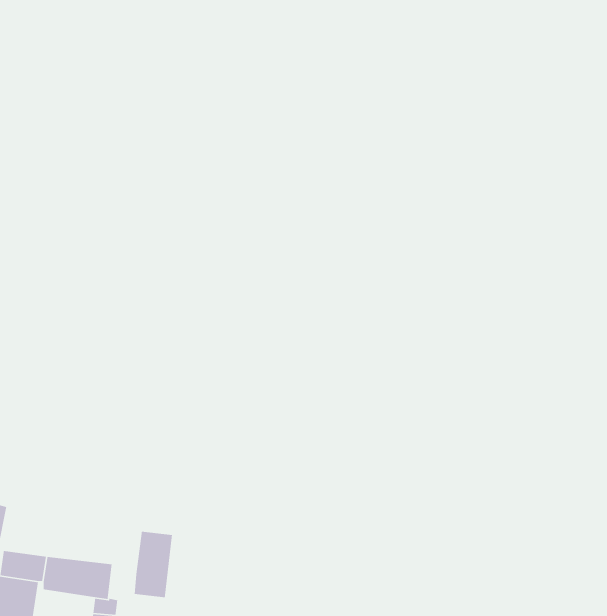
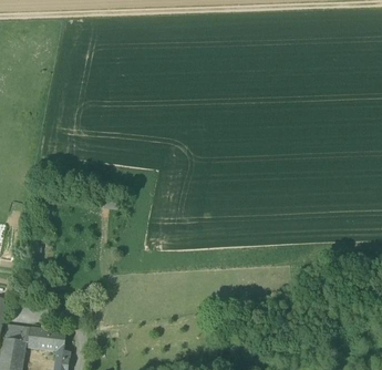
building: [134,531,173,598] -> none

